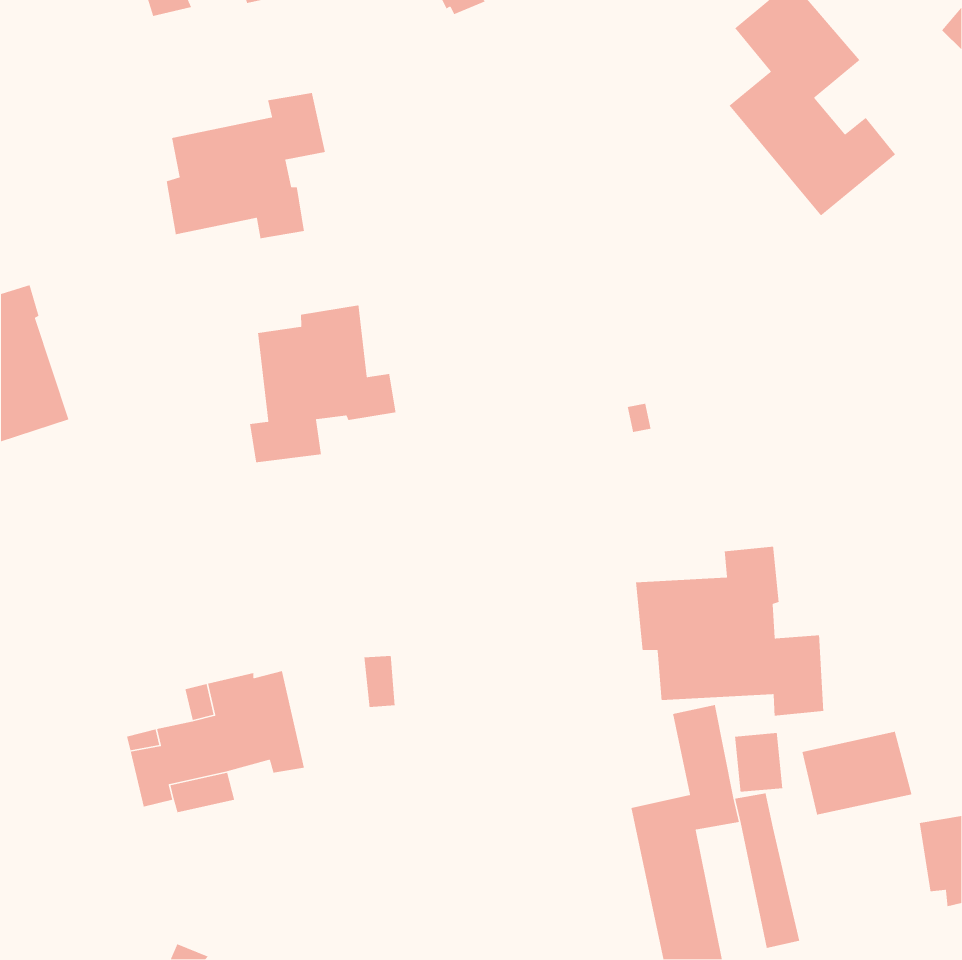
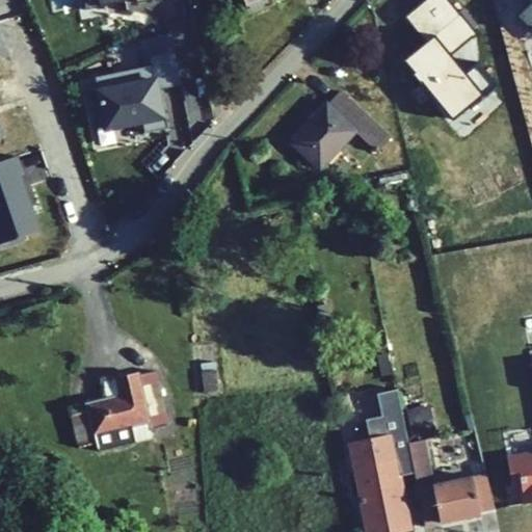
building: none -> [291,89,389,167]
building: [249,305,397,463] -> none
building: [635,546,824,716] -> none
building: [801,731,912,816] -> [433,473,495,520]

